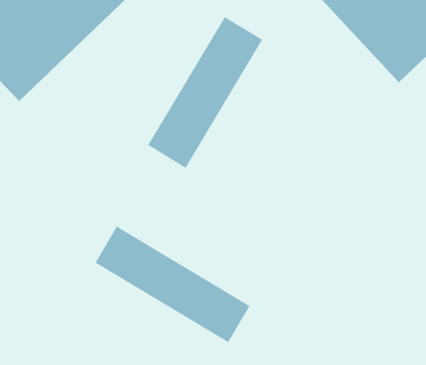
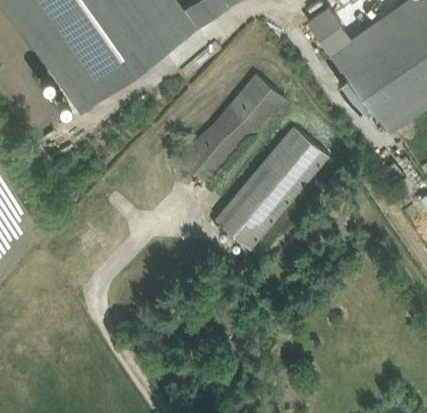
building: none -> [215,124,329,250]
building: [95,225,250,343] -> none

